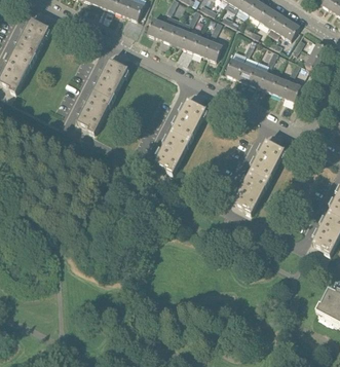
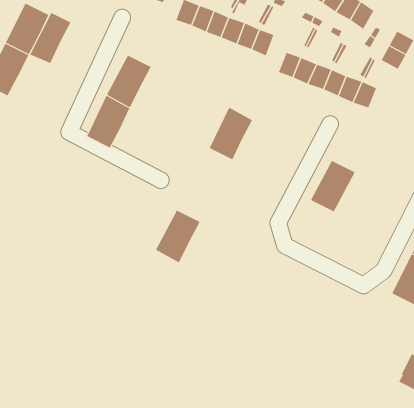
building: none -> [30,12,71,64]
building: [155,132,190,173] -> [155,210,200,263]
building: [233,172,268,213] -> none

